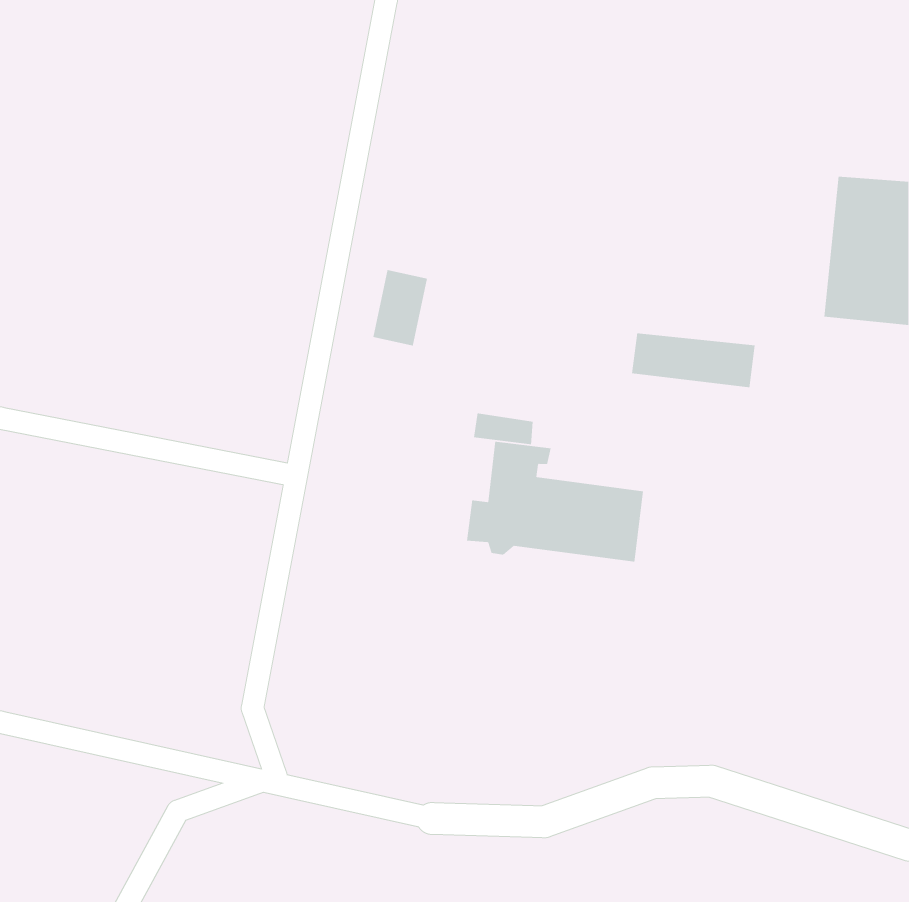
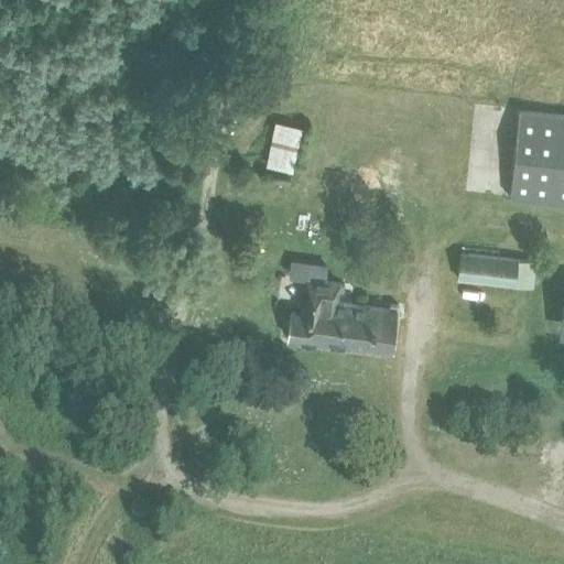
building: [373,270,428,346] -> [267,126,301,173]
building: [631,333,756,388] -> [458,257,535,291]

